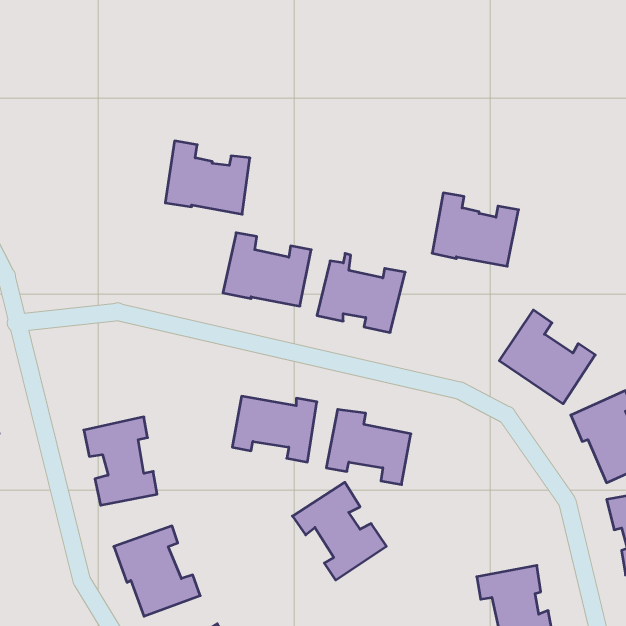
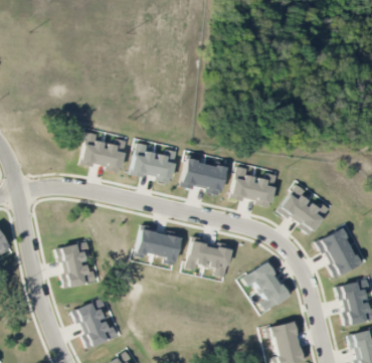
building: [165,141,250,214] -> [81,131,127,170]
building: [432,193,519,266] -> [231,166,277,205]
building: [292,482,386,580] -> [243,258,294,311]

